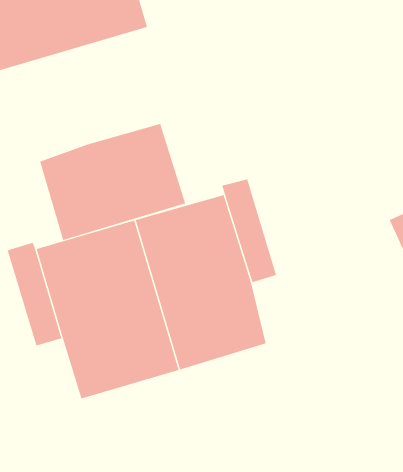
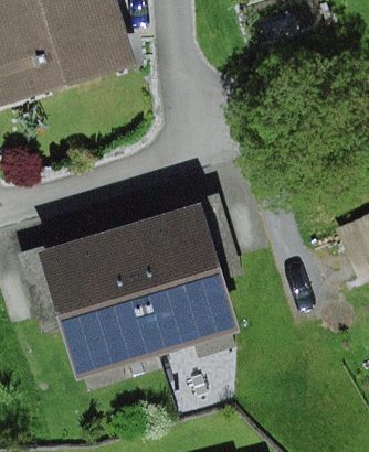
building: [40,123,186,241] -> none

